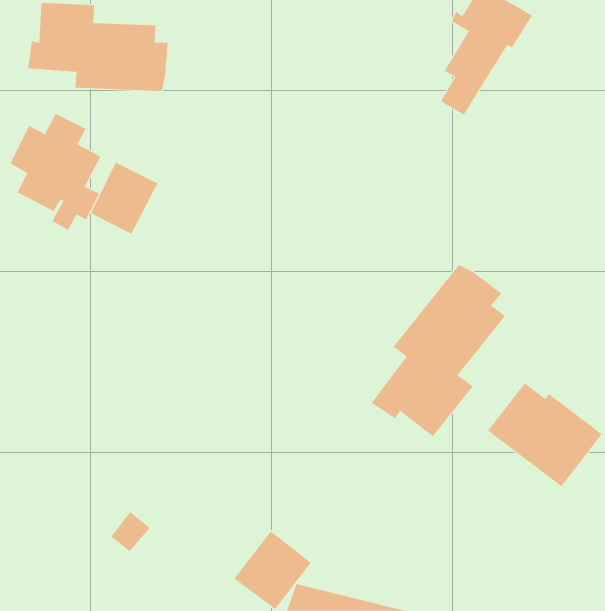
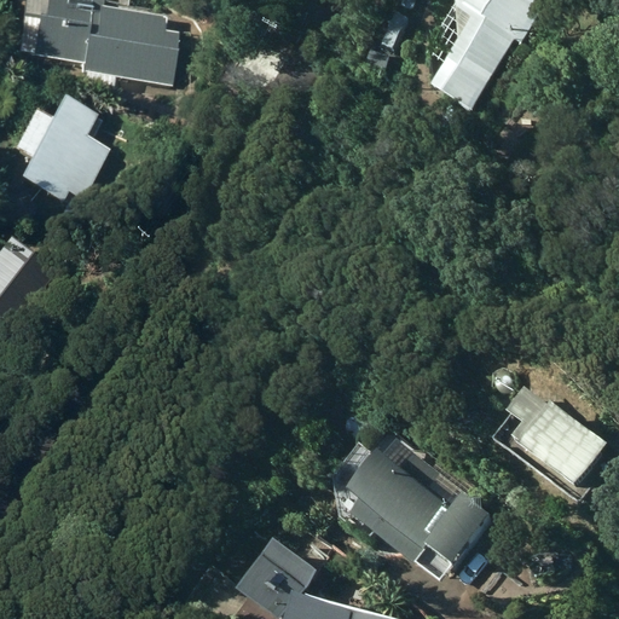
building: [90,162,158,234] -> none
building: [371,264,506,437] -> none
building: none -> [348,436,487,574]

